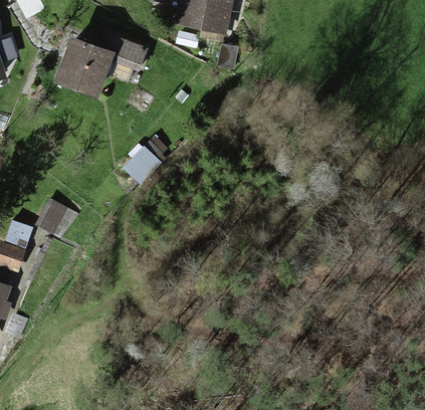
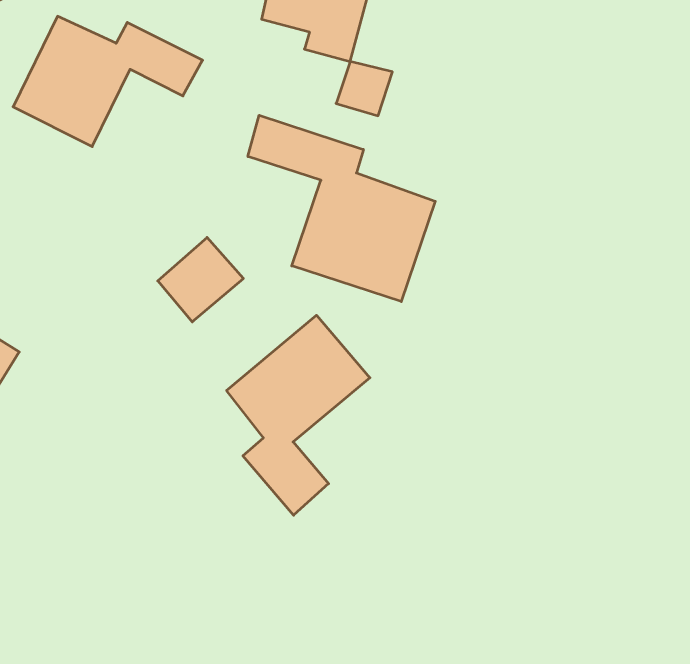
building: none -> [248,115,435,302]
building: none -> [227,315,370,515]

